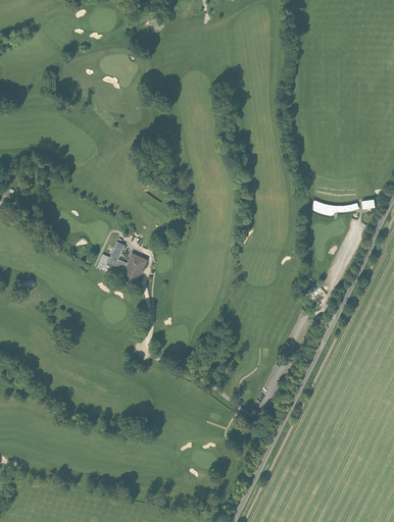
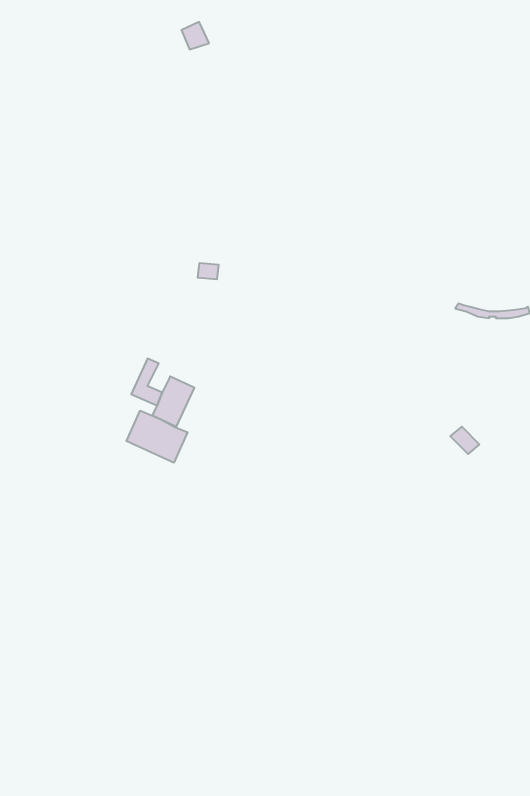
building: none -> [126,411,188,463]

